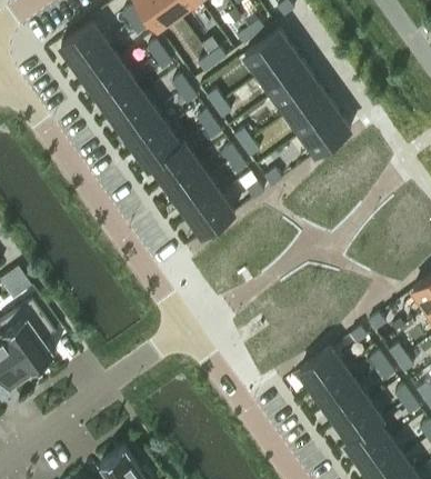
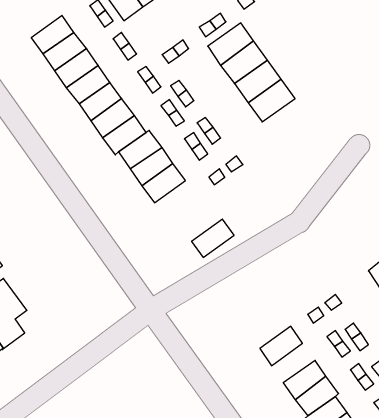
building: [301,111,350,156] -> none
building: [189,197,233,237] -> [192,219,234,257]
building: [311,367,357,408] -> none

